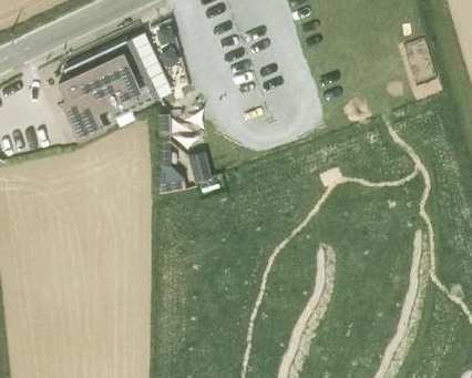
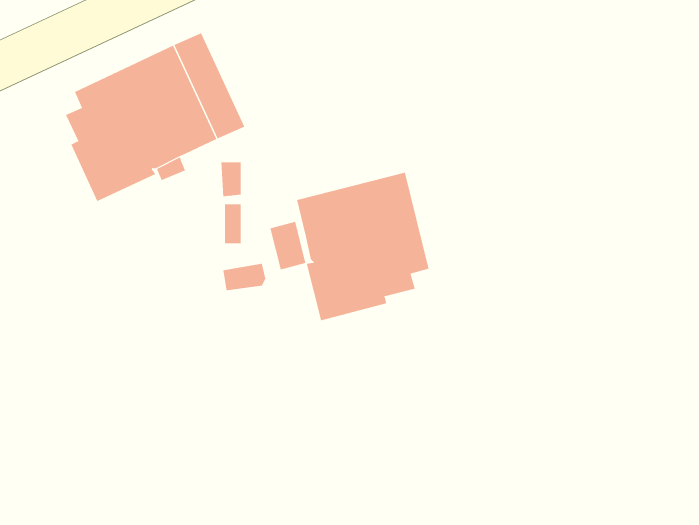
building: none -> [296,172,429,321]

